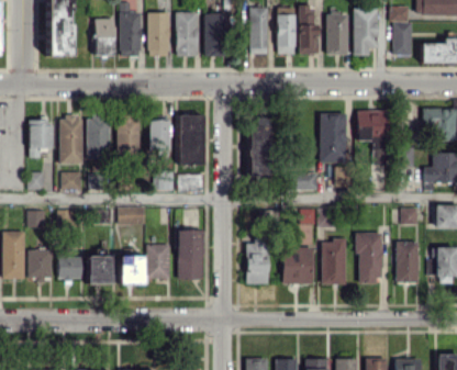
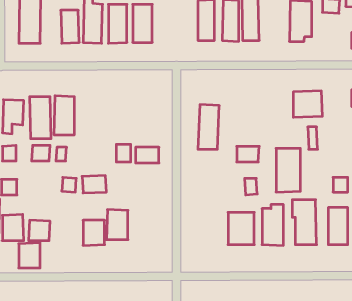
building: [204,13,226,56] -> none
building: [326,13,348,55] -> none
building: [393,23,413,55] -> none
building: [320,113,347,162] -> [276,148,300,192]
building: [178,115,205,165] -> none
building: [118,117,141,154] -> none
building: [149,121,169,156] -> none
building: [178,229,204,279] -> none
building: [246,236,269,283] -> none
building: [88,255,112,283] -> [19,243,40,268]

